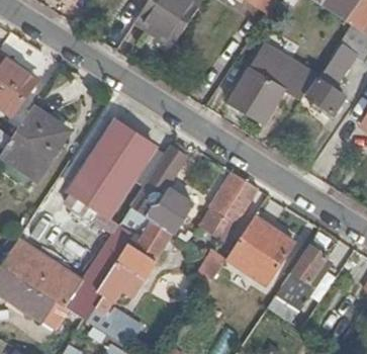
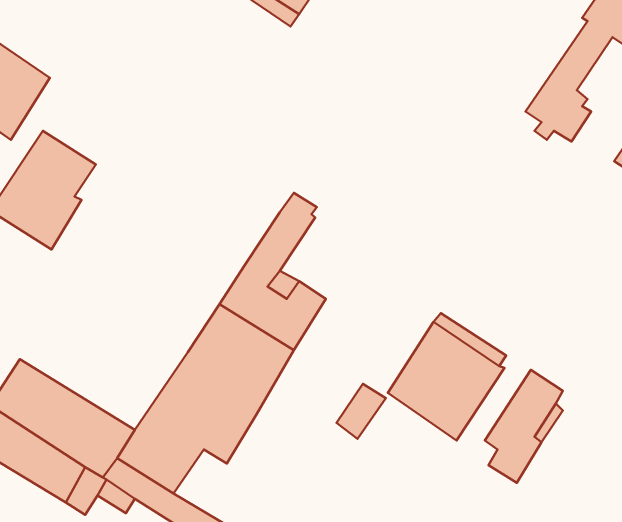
building: [228,45,315,123] -> none
building: [72,122,166,215] -> none
building: [201,173,259,242] -> none

